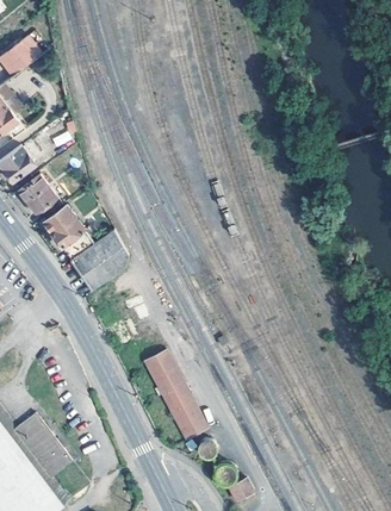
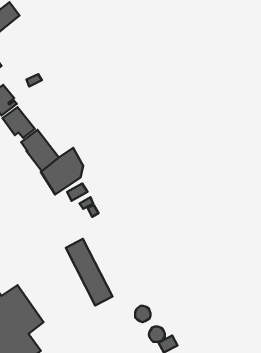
building: [143,351,205,440] -> [66,239,112,305]

